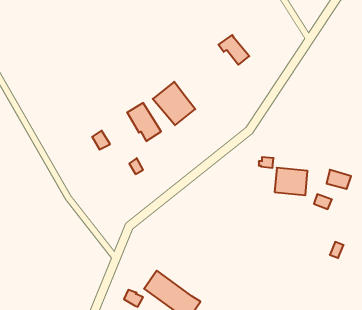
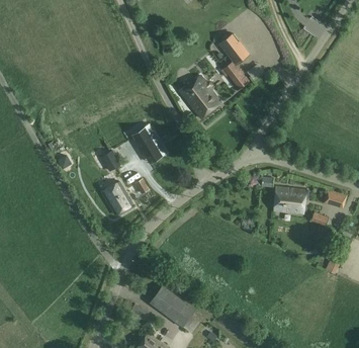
building: none -> [219,33,248,64]
building: [153,82,195,125] -> [179,76,219,117]
building: none -> [100,181,131,214]

